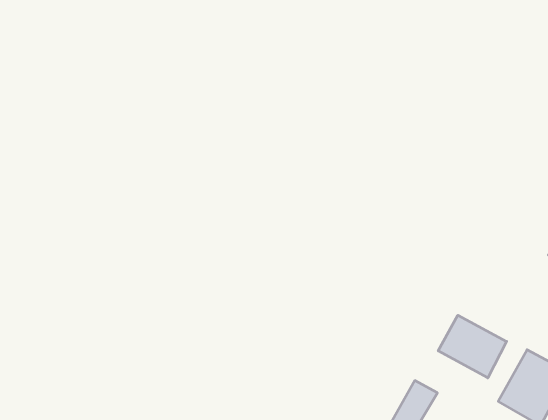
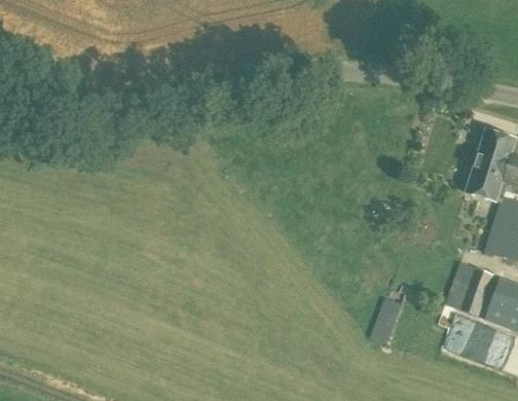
building: [438,315,507,378] -> none

